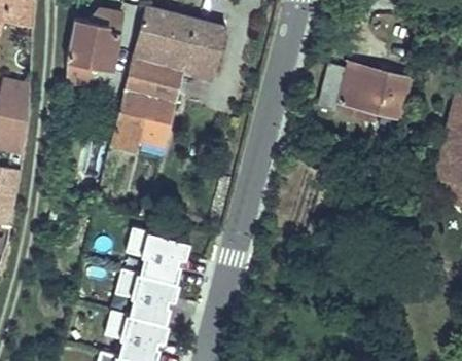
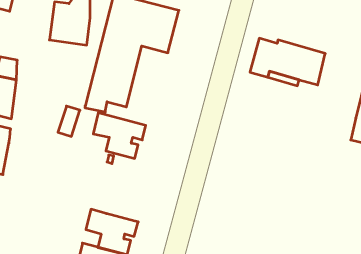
building: [123,228,187,284] -> [93,113,146,158]

